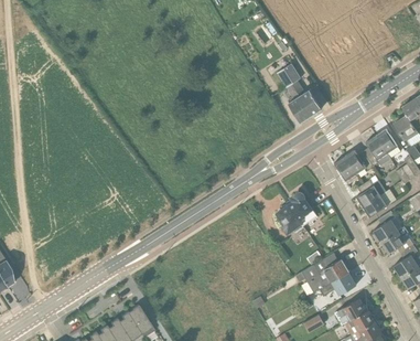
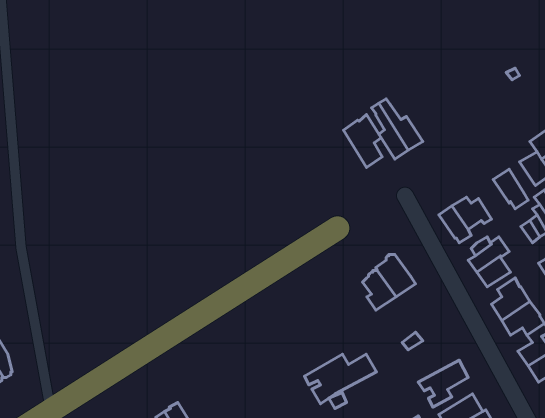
building: none -> [344,115,382,167]
building: [364,137,391,167] -> none
building: [295,259,349,297] -> [305,354,376,404]

